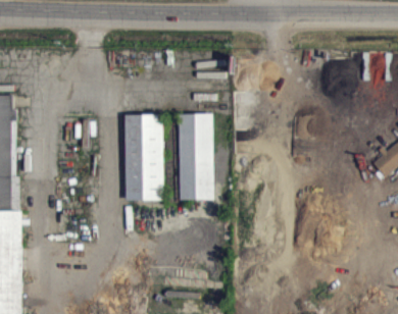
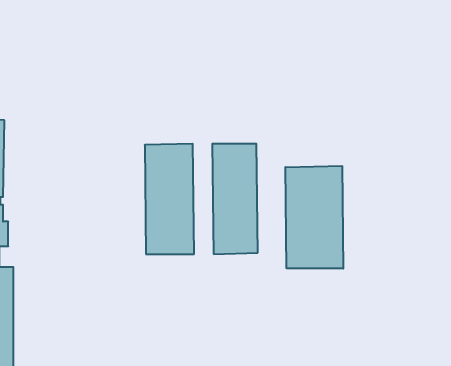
building: none -> [285,166,343,269]

